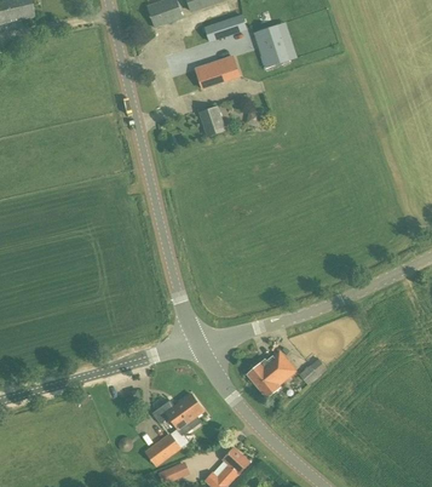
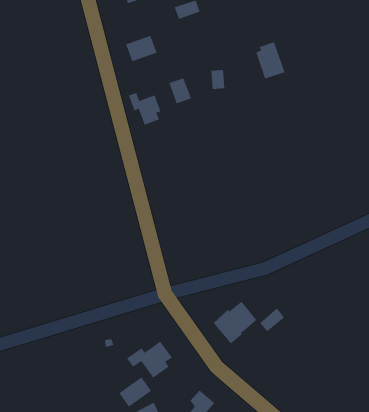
building: [257,27,289,68] -> [256,41,286,79]
building: [195,59,230,88] -> [125,35,158,62]
building: none -> [128,92,161,125]

